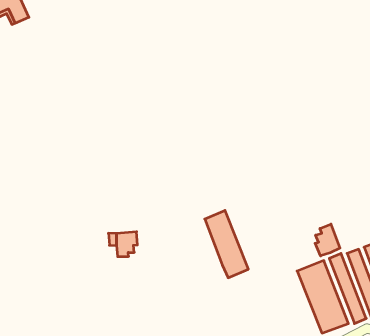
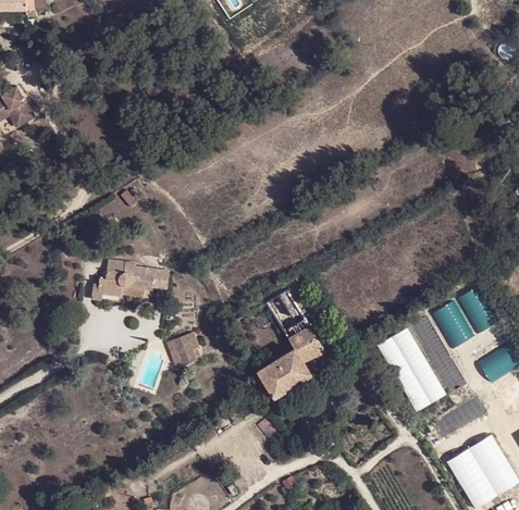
building: none -> [99,264,158,301]
building: [315,224,340,256] -> none
building: none -> [259,351,310,398]

